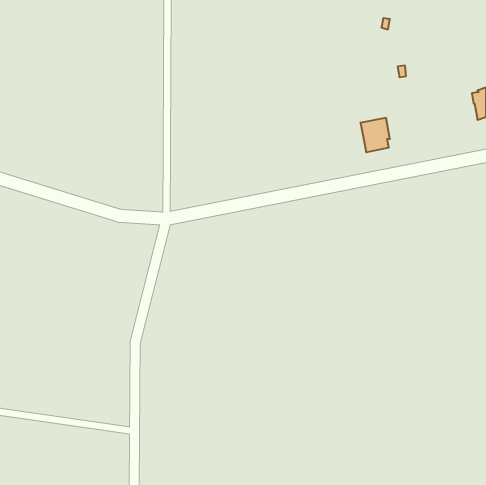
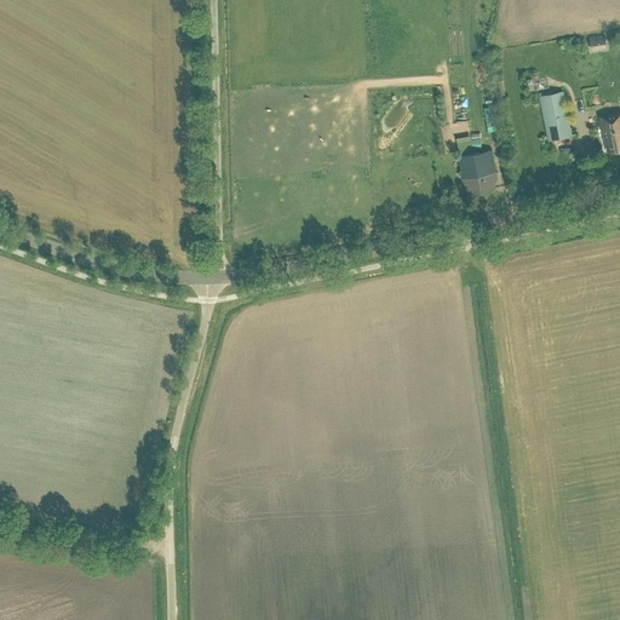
building: none -> [540,93,572,142]

